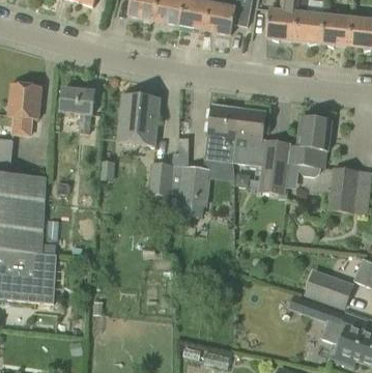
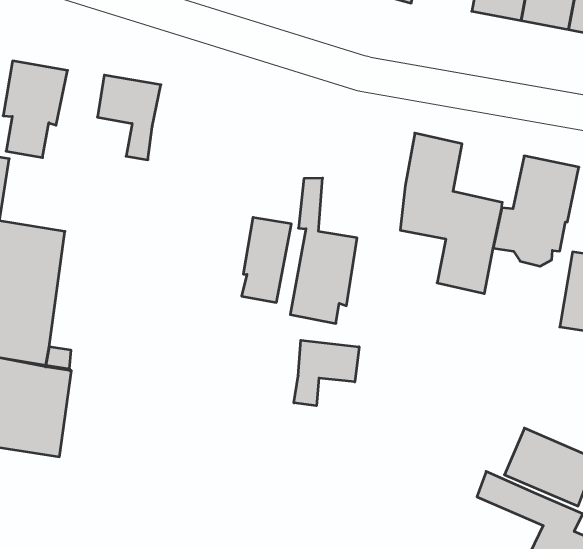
building: [118,93,160,144] -> none
building: [204,104,238,162] -> none
building: none -> [294,340,359,406]

